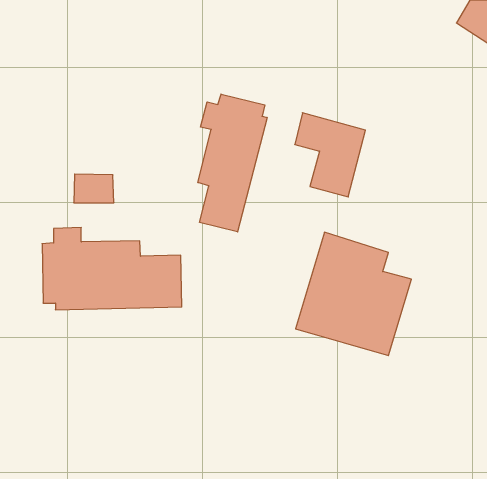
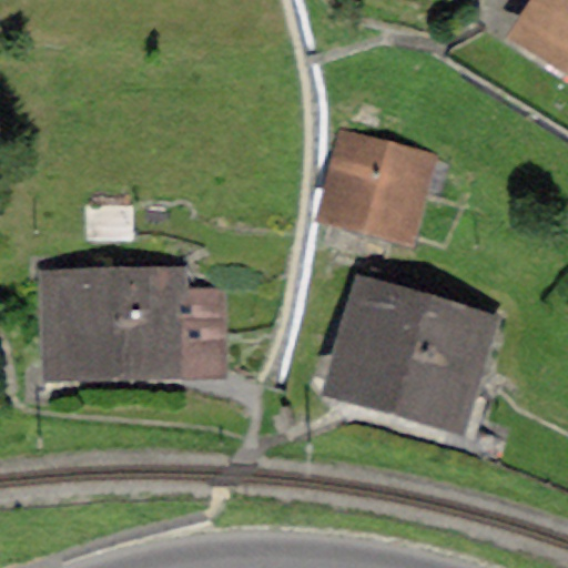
building: [198,94,267,232] -> none

